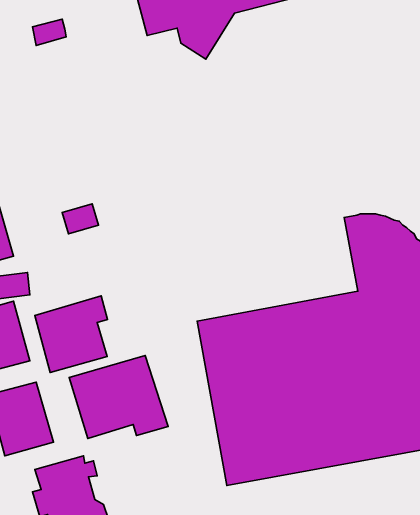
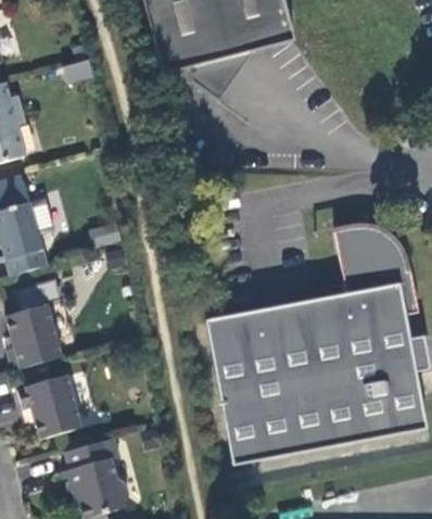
building: [35,296,107,372] -> none
building: [69,355,168,439] -> none

